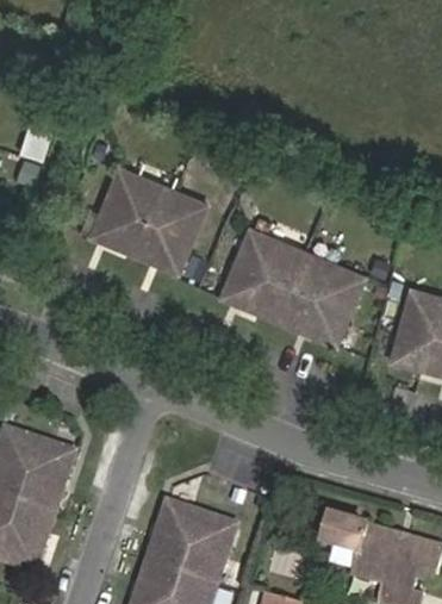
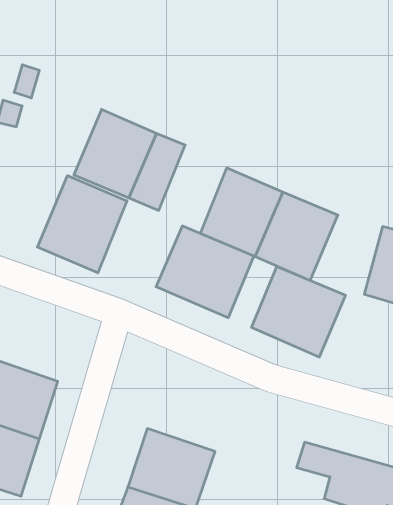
building: none -> [37,176,127,273]
building: none -> [156,226,254,318]
building: none -> [252,266,345,357]

